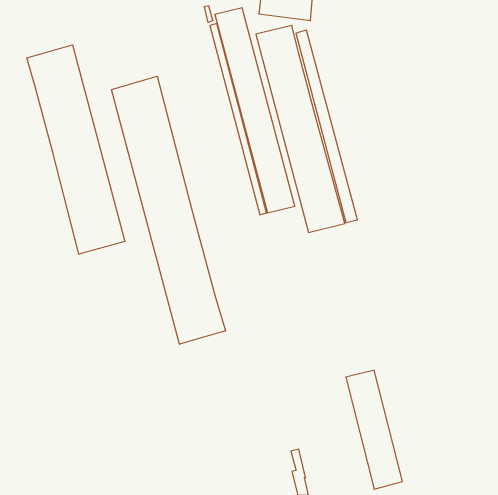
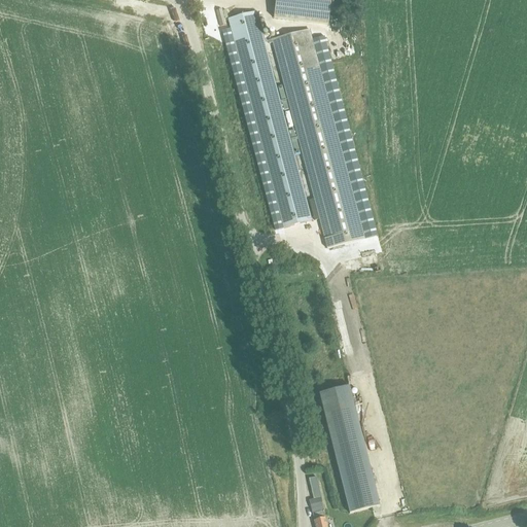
building: [27,45,125,254] -> none
building: [111,76,225,344] -> none
building: [346,370,402,489] -> [319,385,379,511]

